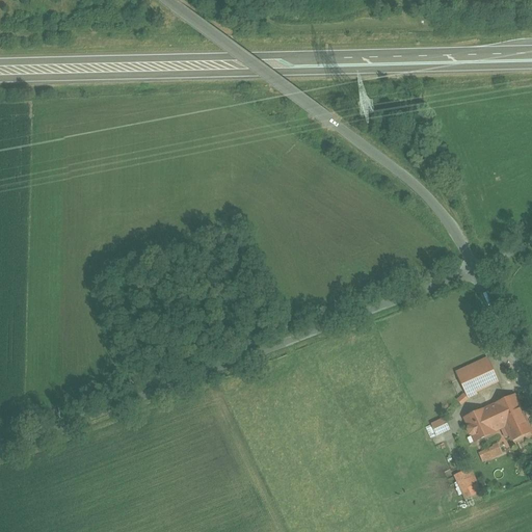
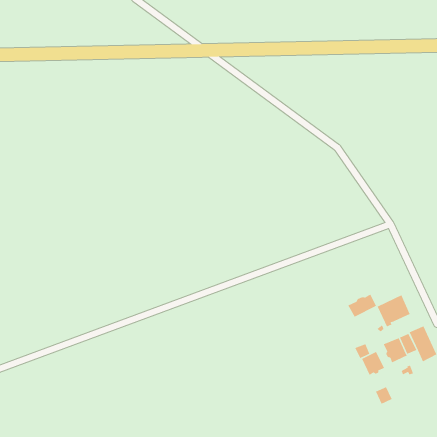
building: none -> [347,294,377,317]
building: none -> [361,351,385,376]

